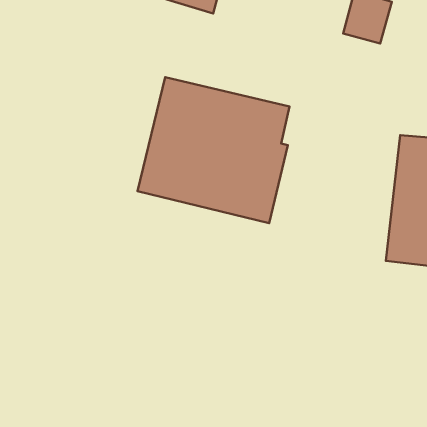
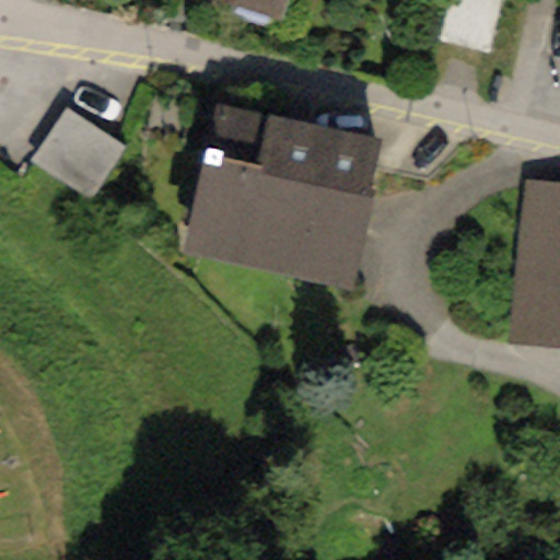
building: none -> [42,115,135,206]

